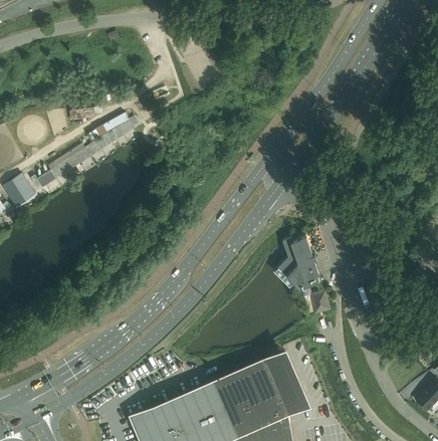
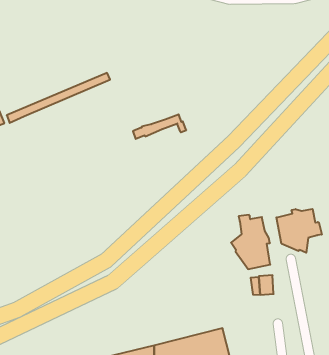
building: [87,111,140,142] -> [133,114,186,139]
building: none -> [276,209,322,253]

